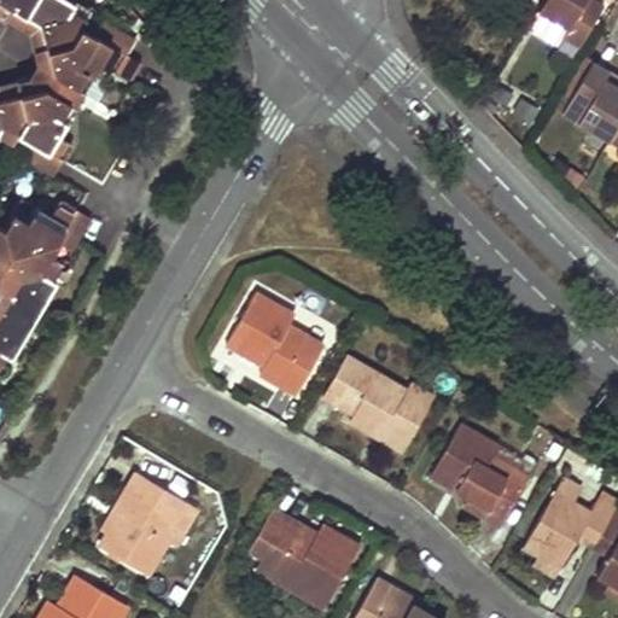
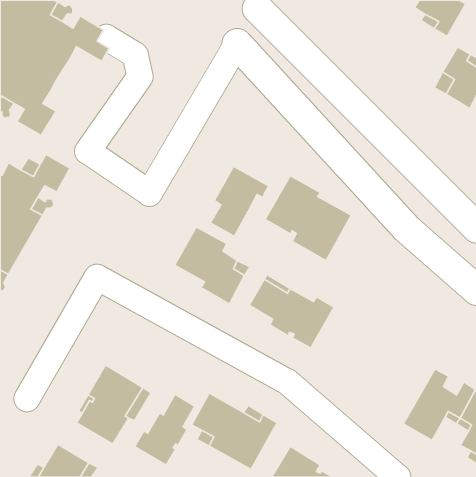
building: none -> [210,166,269,236]
building: none -> [265,176,352,261]
building: [431,425,527,525] -> none
building: none -> [135,394,195,465]

